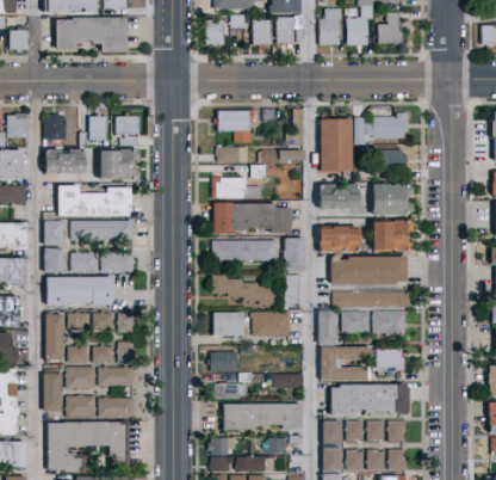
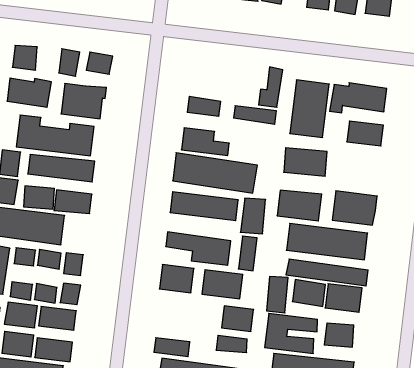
building: [218,110,250,142] -> none
building: [371,181,411,214] -> none
building: [210,351,238,373] -> [222,306,254,331]

